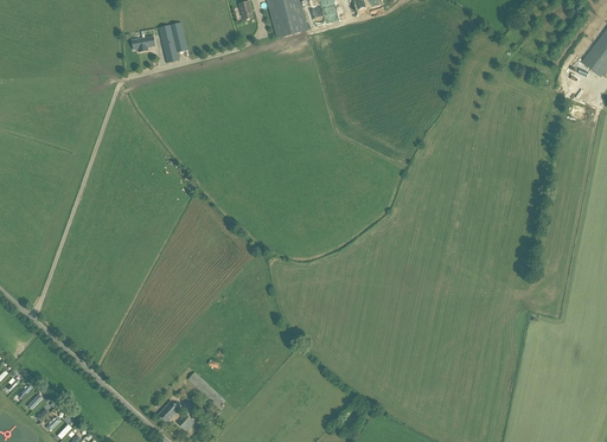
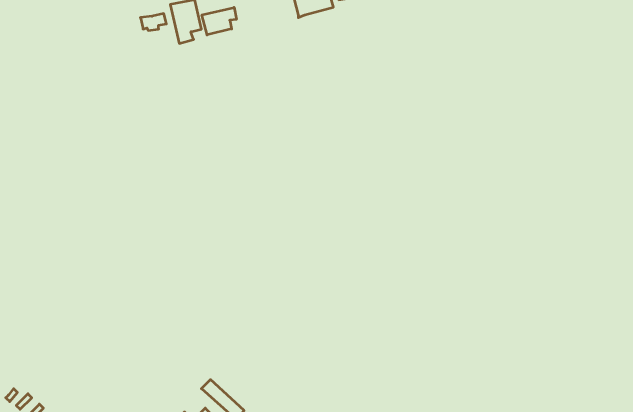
building: none -> [202,7,236,35]

